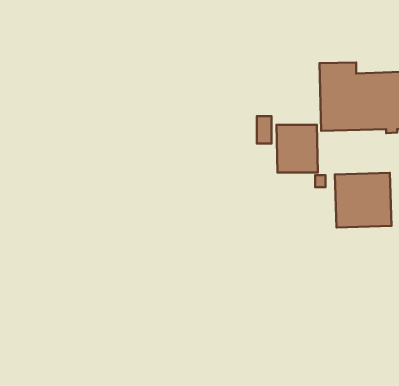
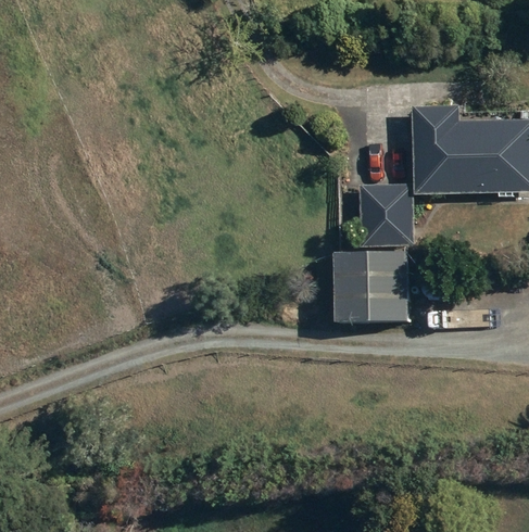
building: [335,173,391,227] -> [336,252,407,321]

